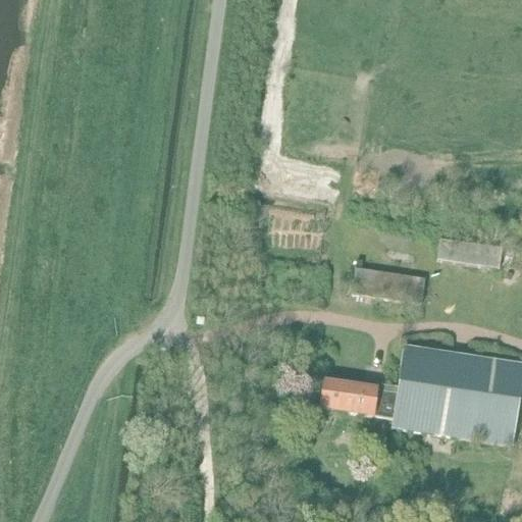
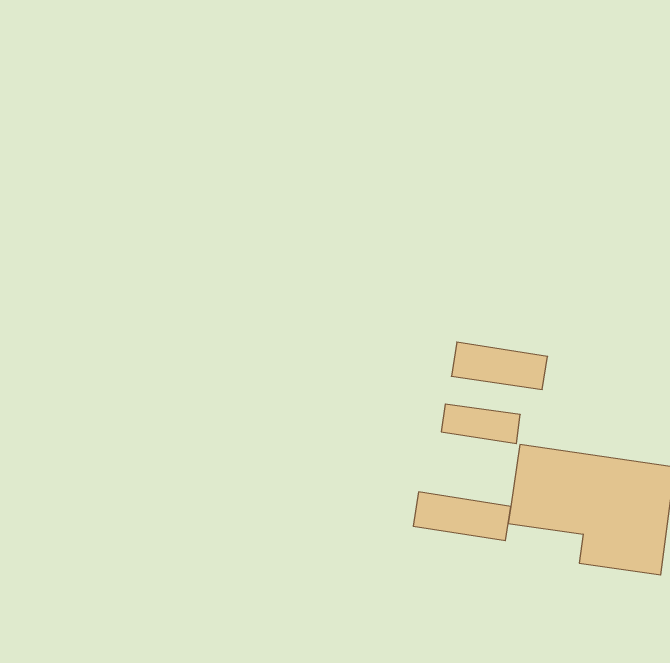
building: [438,237,504,266] -> none
building: [393,406,454,436] -> [441,404,520,444]

